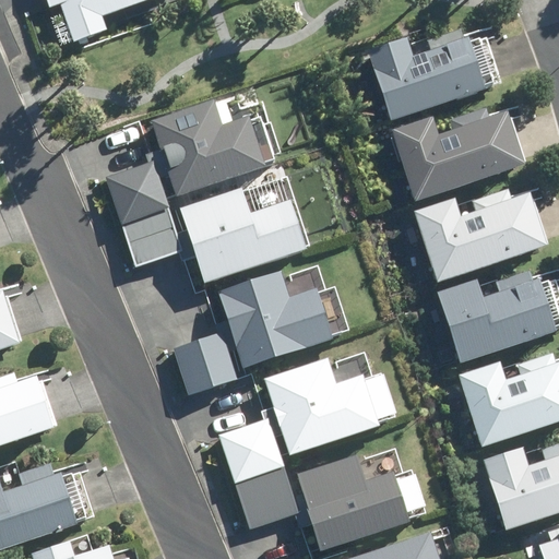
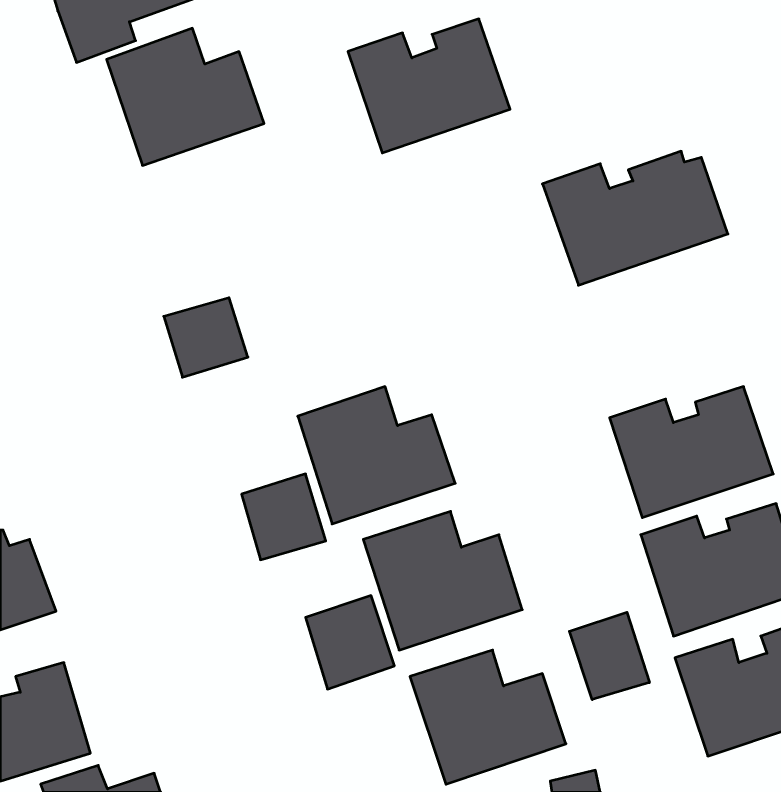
building: [369,26,483,120] -> [348,19,510,153]
building: [151,99,261,195] -> [107,28,264,165]
building: [110,159,171,222] -> none
building: [194,187,319,277] -> none
building: [414,189,544,283] -> none
building: none -> [569,612,649,700]
building: [240,466,302,527] -> none

